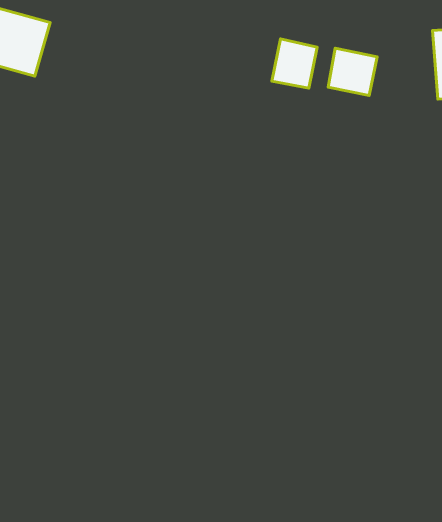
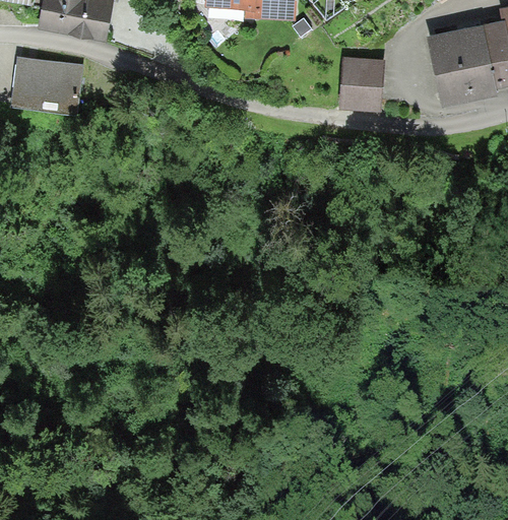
building: [272,39,317,88] -> none

